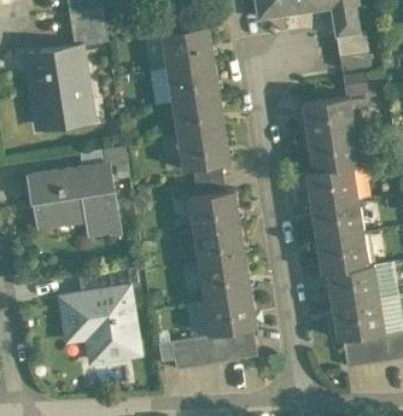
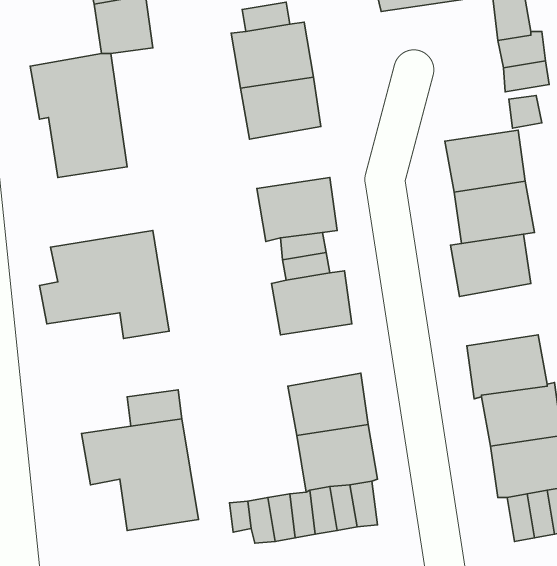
building: [173,94,226,135] -> none
building: [311,198,363,239] -> none
building: [193,224,246,265] -> none

